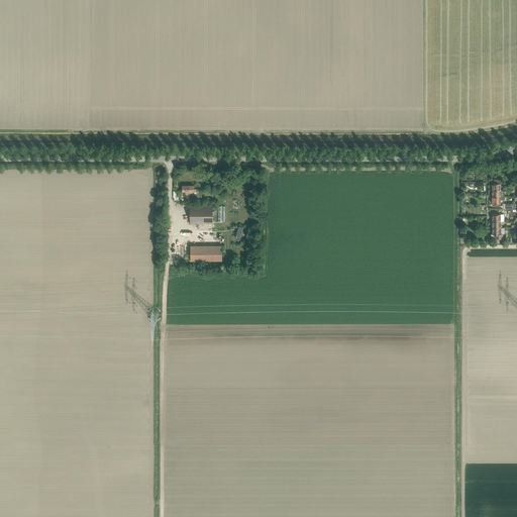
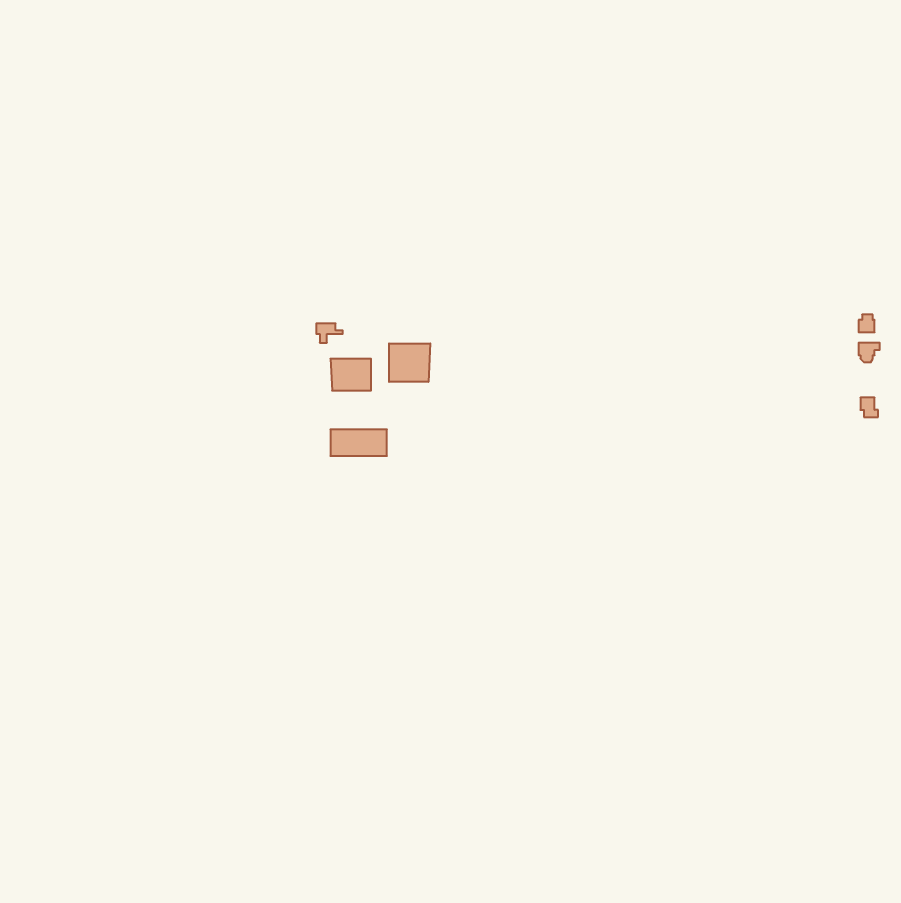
building: none -> [389,343,430,382]

